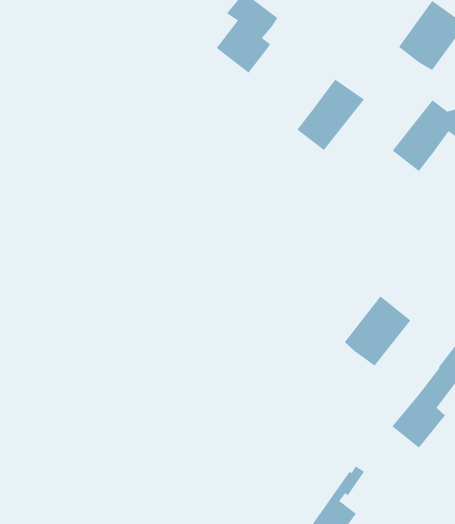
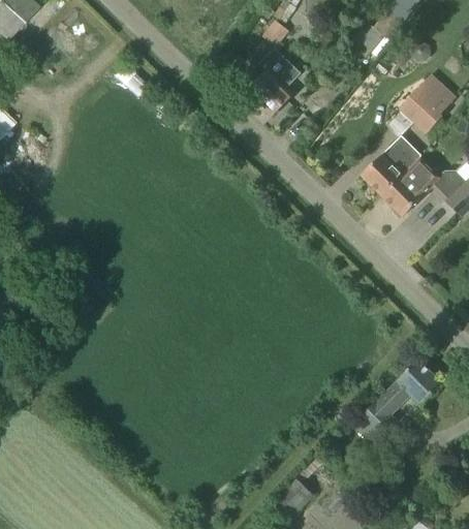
building: [297,79,365,151] -> [362,135,421,194]
building: [344,296,411,367] -> none

